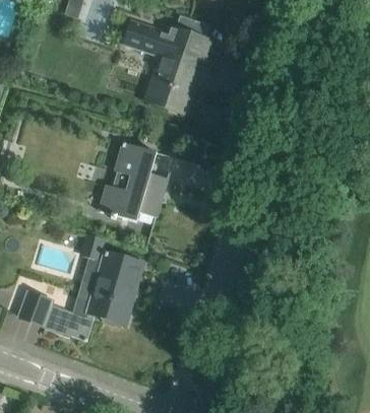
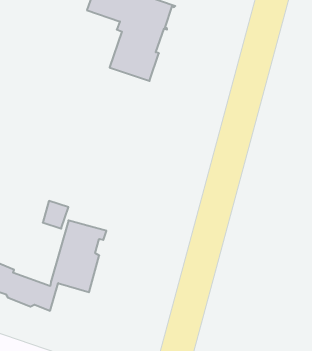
building: [99,142,167,221] -> none

